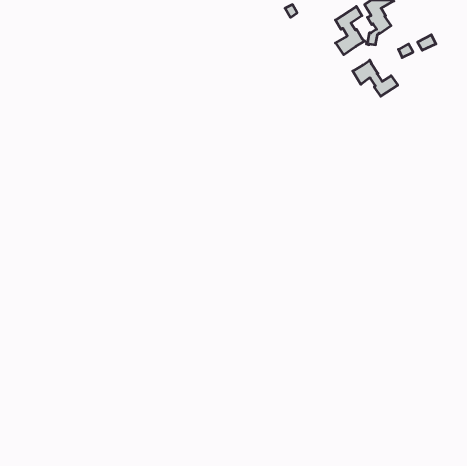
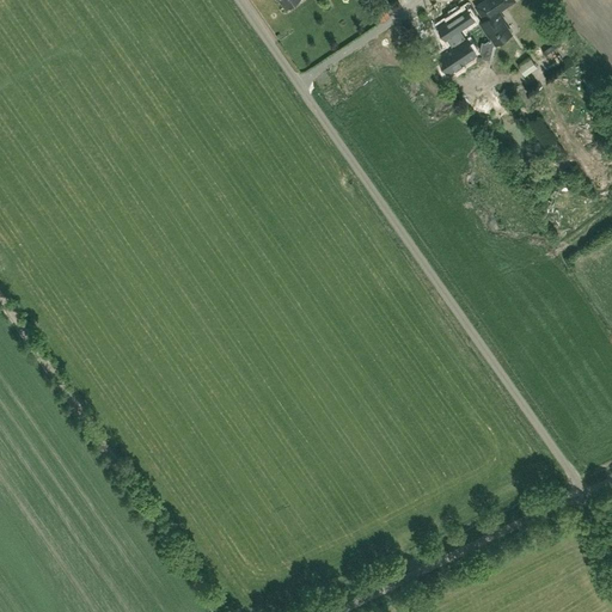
building: [353,60,398,96] -> none

